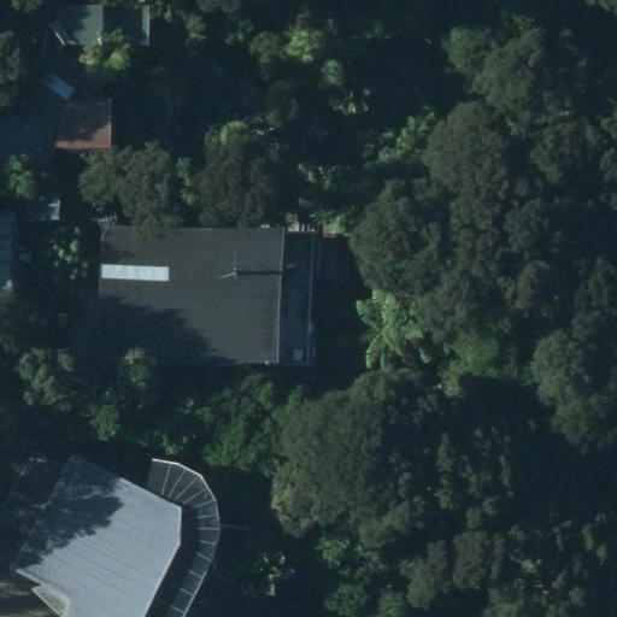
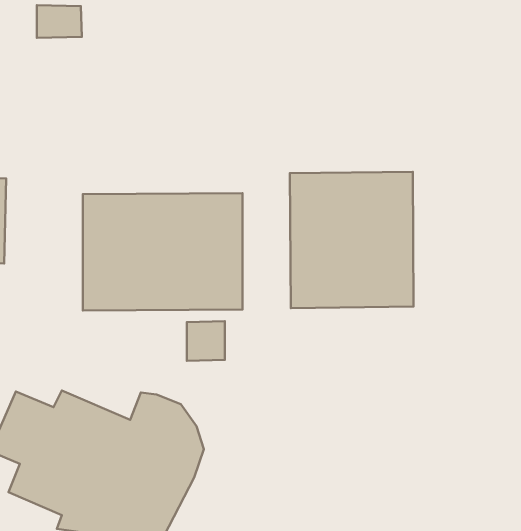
building: none -> [290,172,414,308]

